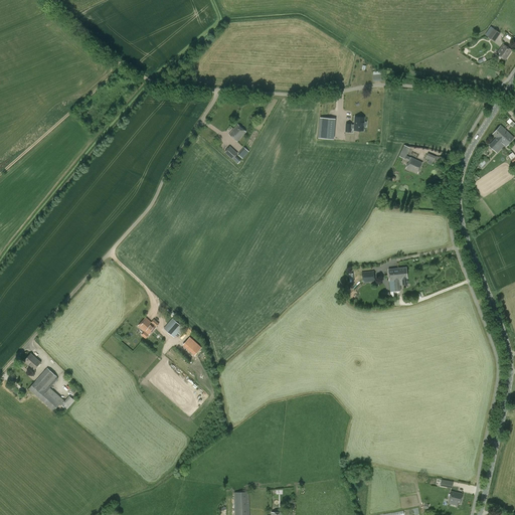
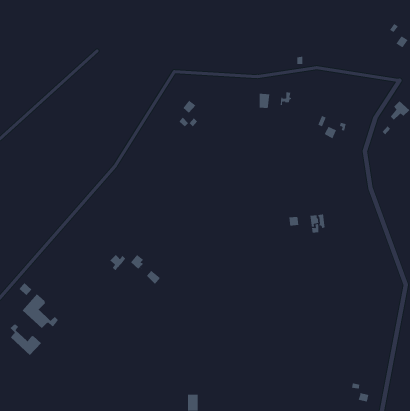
building: none -> [9,323,42,356]

